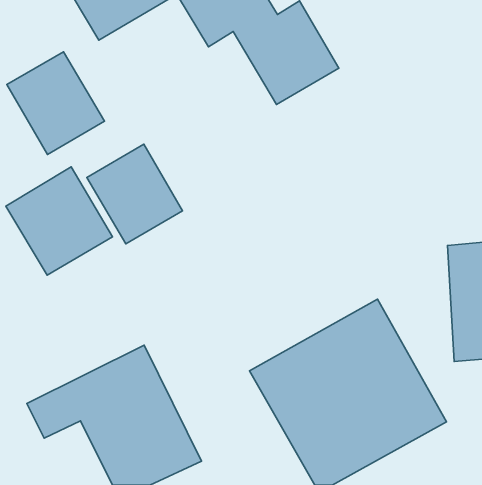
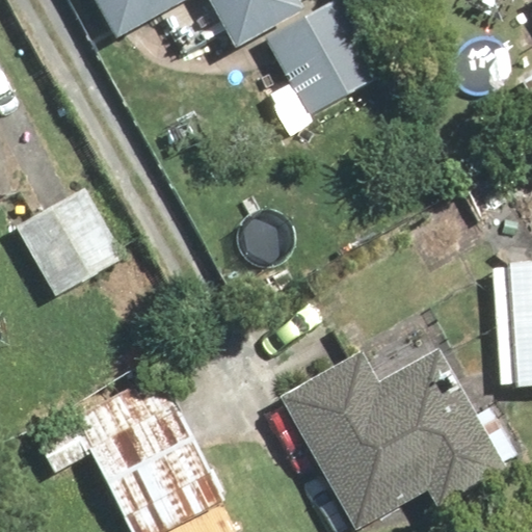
building: [7,52,105,155] -> none
building: [87,144,183,244] -> none

